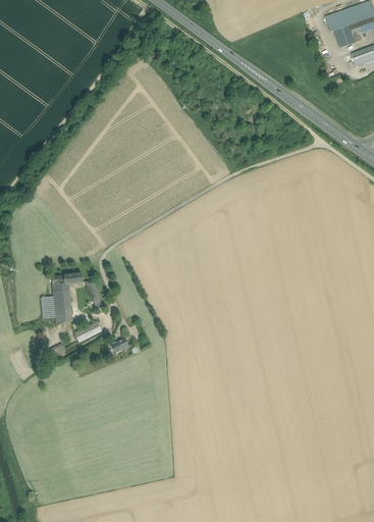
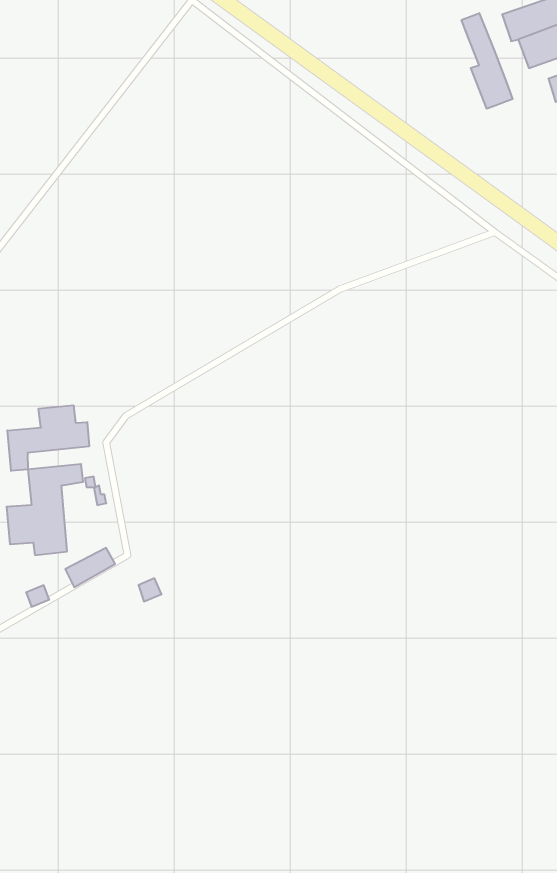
building: none -> [462,13,513,109]
building: none -> [7,405,89,471]

